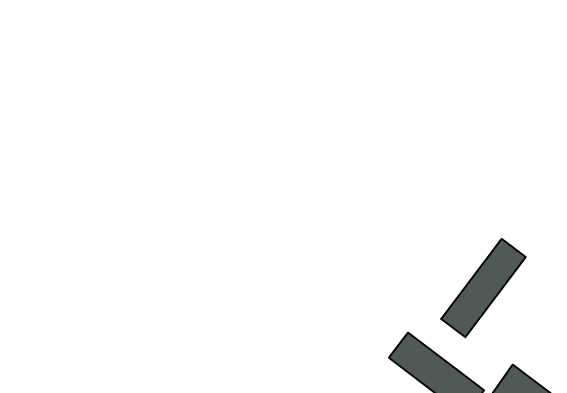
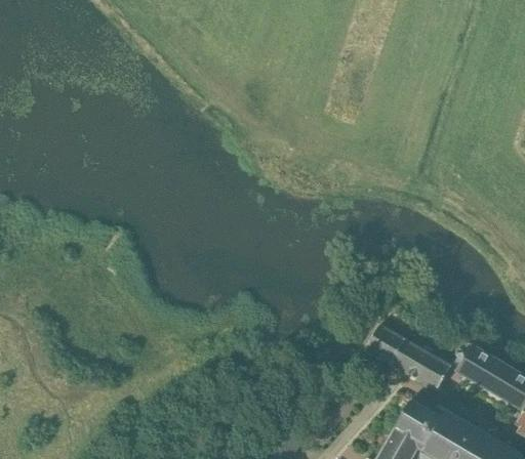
building: [441,239,526,337] -> none

